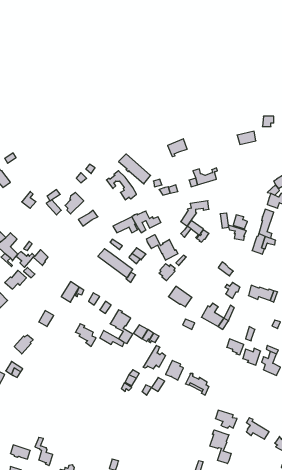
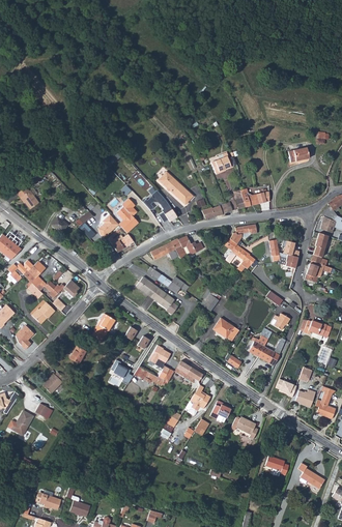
building: none -> [117,200,138,233]
building: [147,235,178,260] -> none
building: [210,430,231,464] -> none

